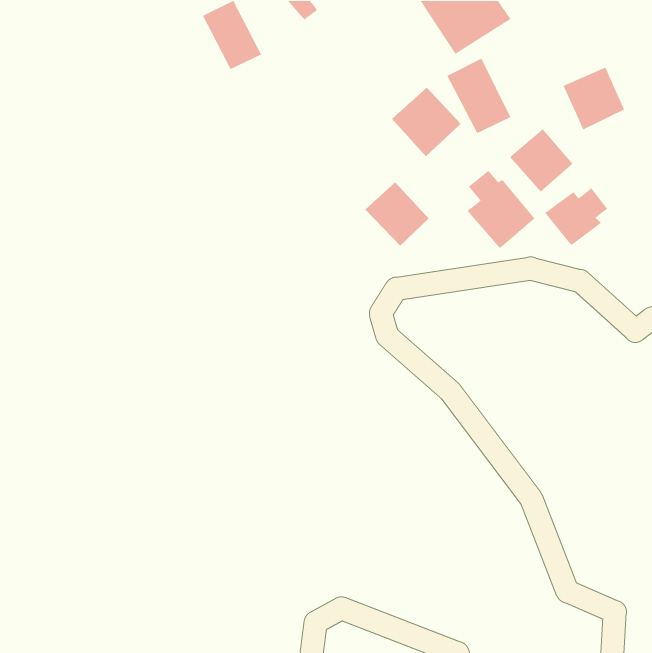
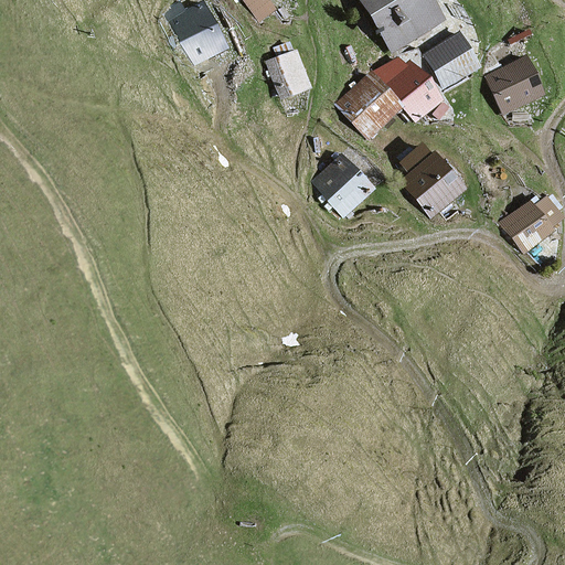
building: none -> [426,34,477,86]
building: none -> [268,51,310,98]
building: [509,128,573,193] -> none
building: [544,187,608,246] -> [502,200,557,250]

